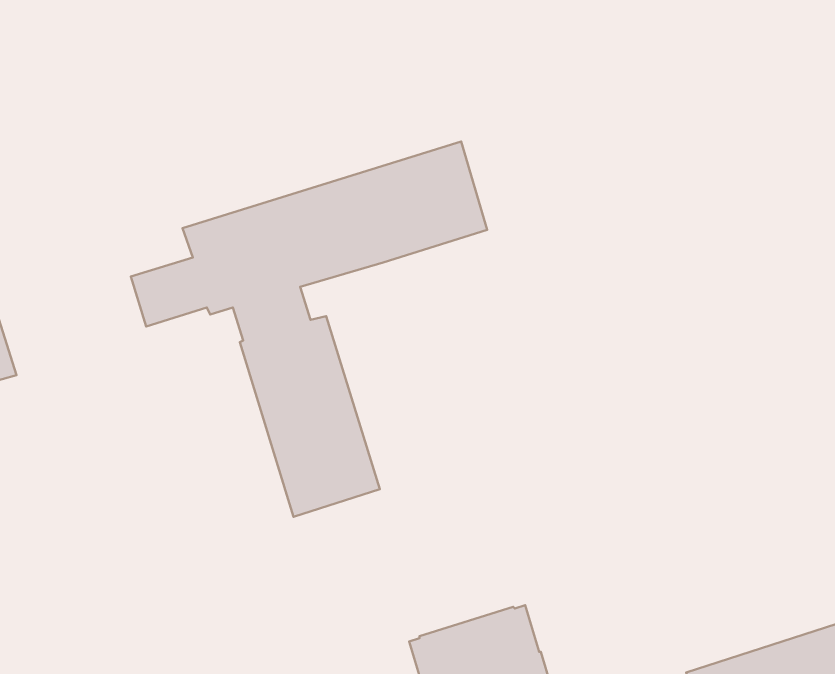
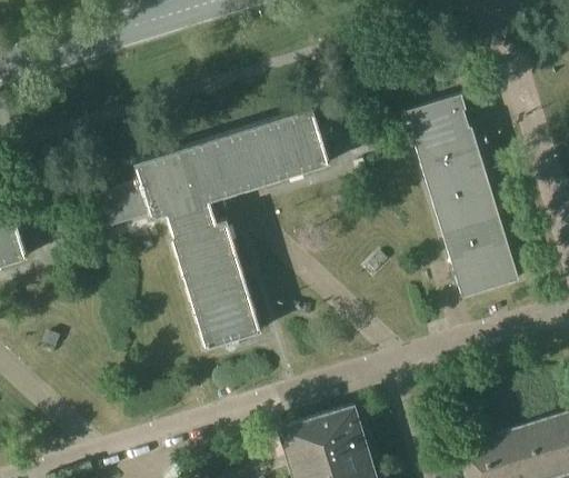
building: none -> [405,94,518,297]

